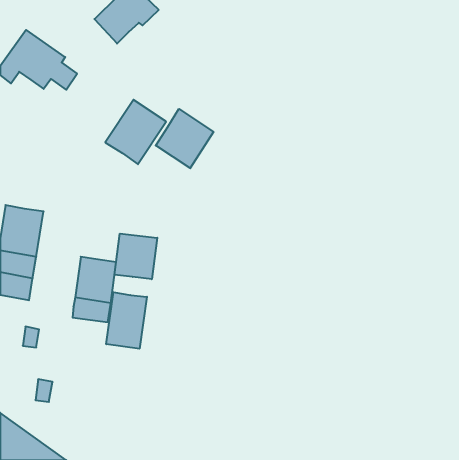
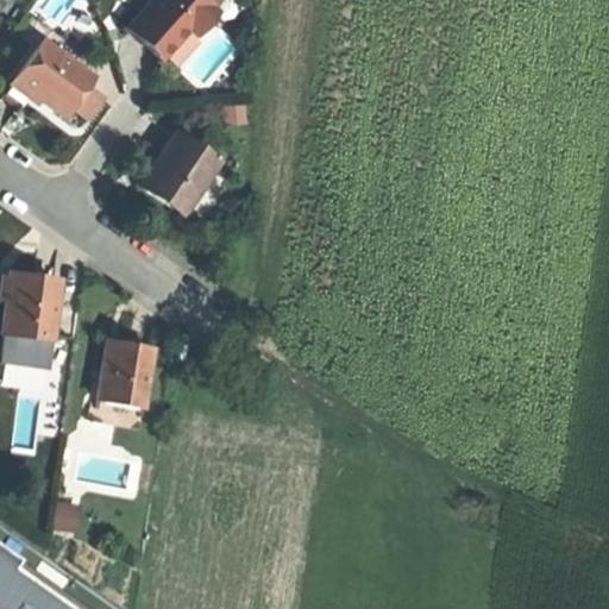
building: [156,109,213,168] -> none
building: [114,234,157,279] -> none
building: [106,292,147,349] -> none

